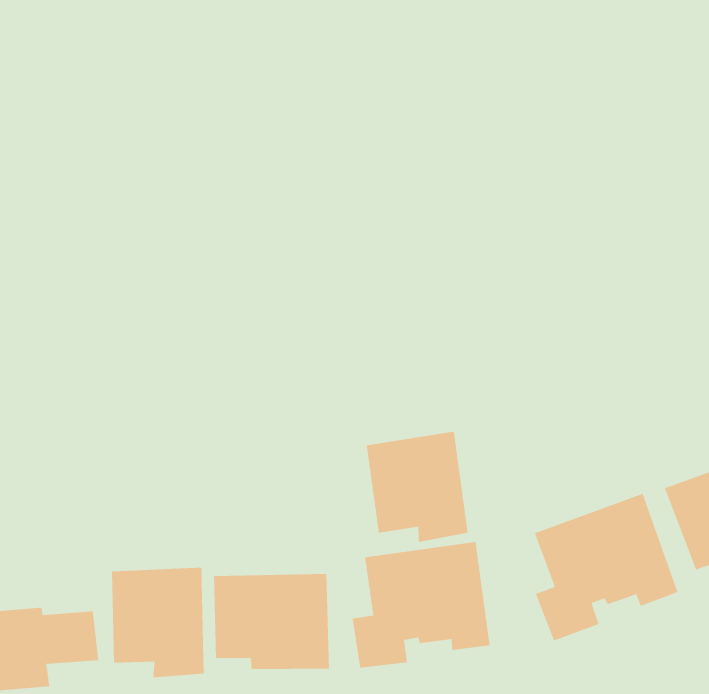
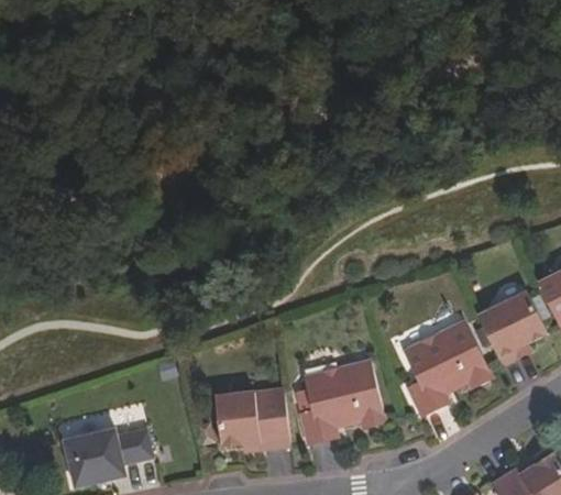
building: [366,431,469,543] -> none
building: [111,567,204,678] -> none

